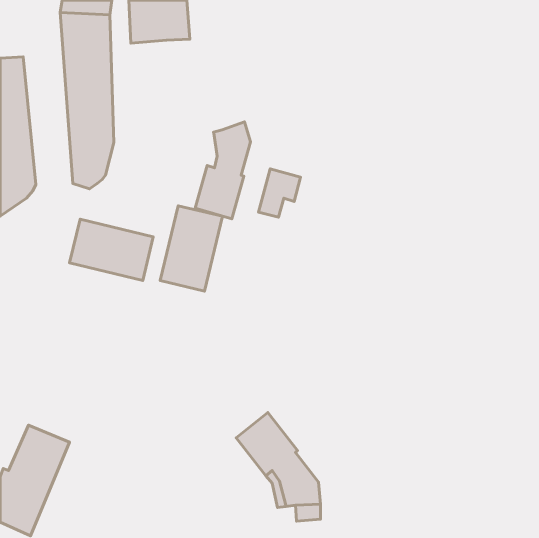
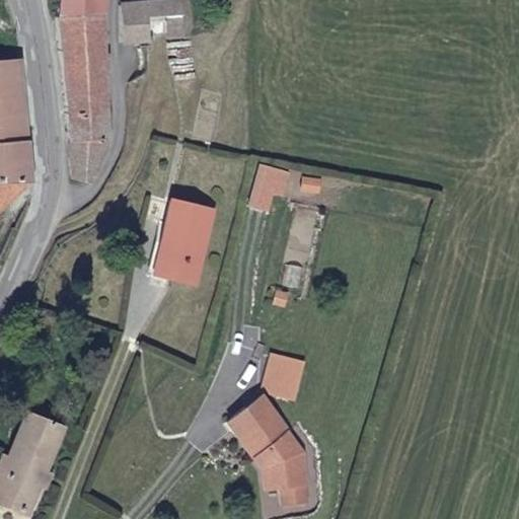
building: [195,122,251,219] -> none
building: [70,219,153,280] -> none
building: none -> [262,355,304,399]

